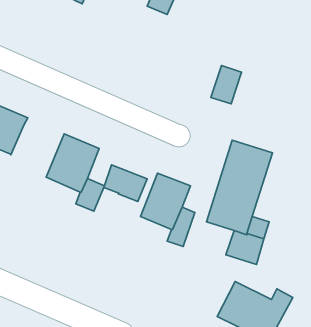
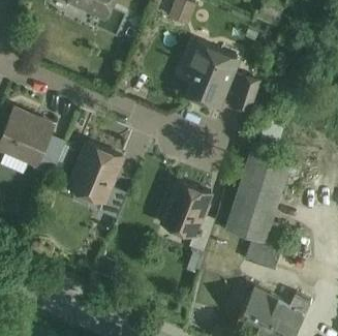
building: none -> [179,36,243,114]
building: none -> [32,134,65,176]
building: [104,165,147,201] -> none

